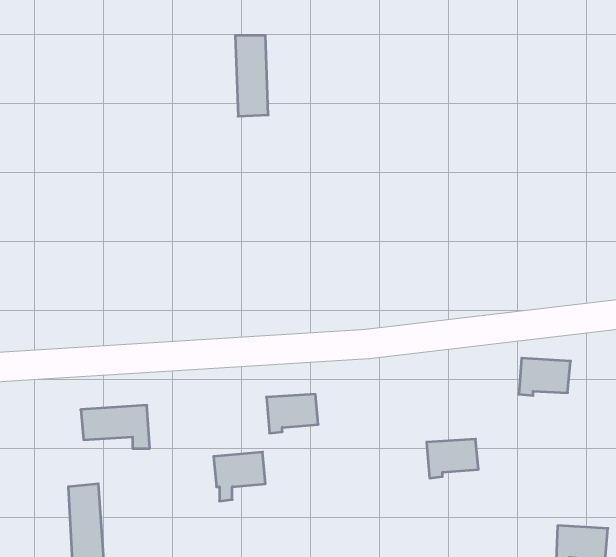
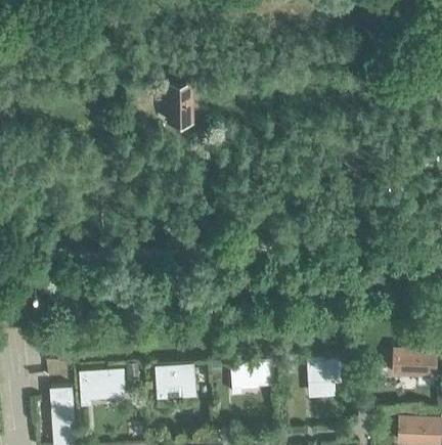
building: [519,358,571,396] -> [393,351,430,377]
building: [266,394,318,433] -> [230,363,267,391]
building: [81,405,150,448] -> [79,372,128,403]

